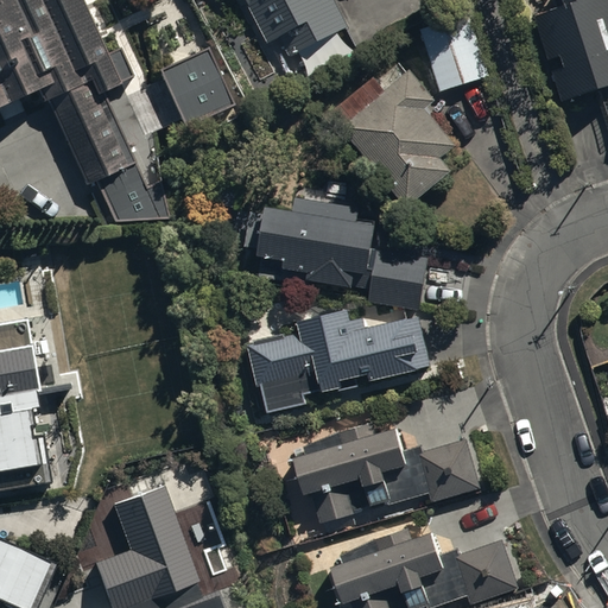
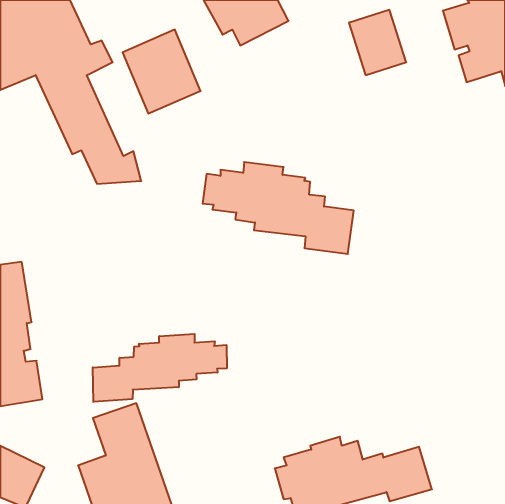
building: [329,70,457,207] -> none
building: [247,310,430,413] -> none
building: none -> [93,334,227,402]
building: [292,420,480,520] -> none

